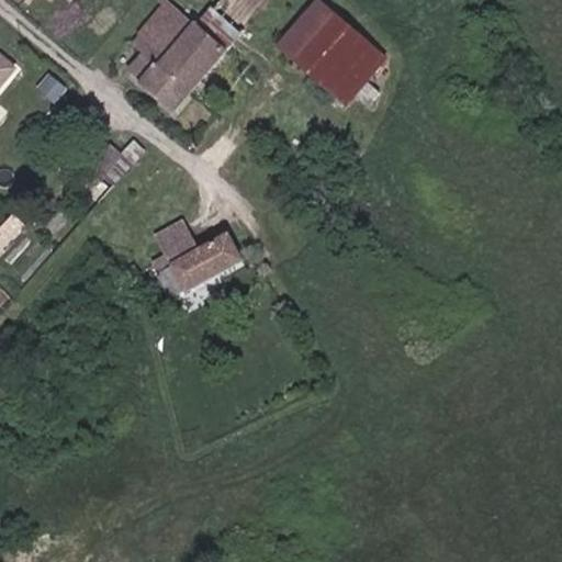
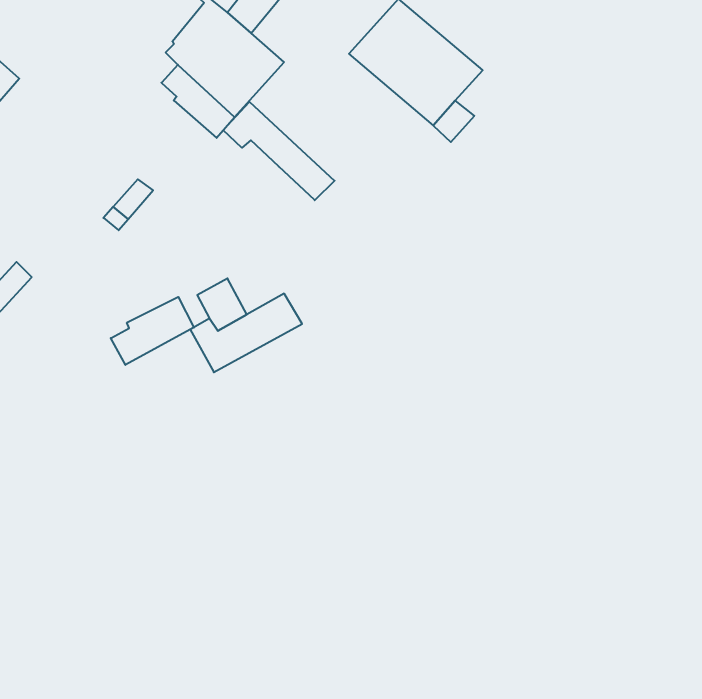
building: none -> [223,102,335,200]
building: none -> [111,297,194,365]

